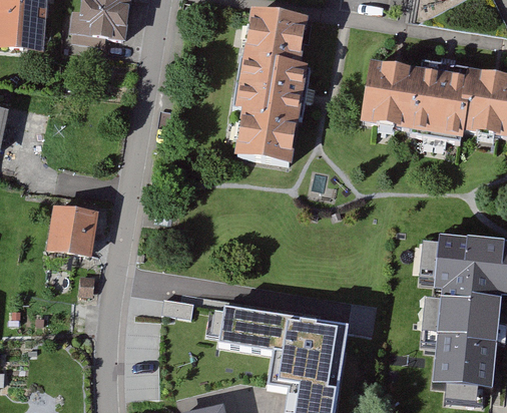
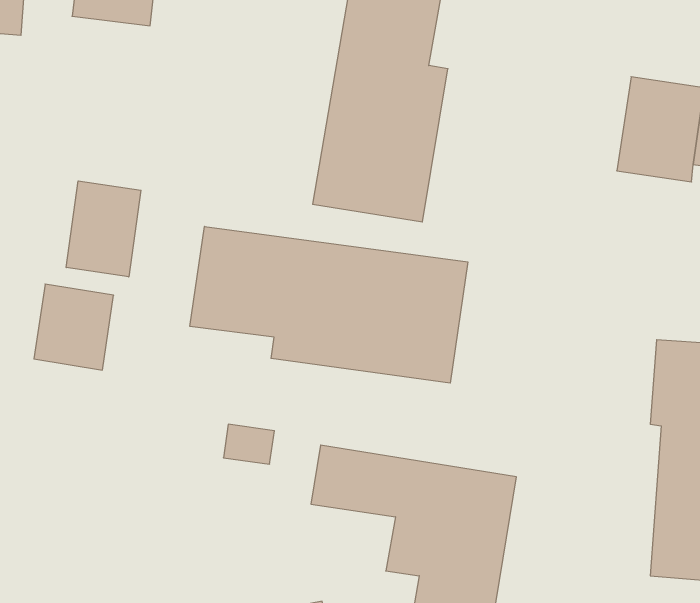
building: [364,65,422,131] -> none
building: none -> [66,181,141,277]
building: none -> [190,226,468,383]

